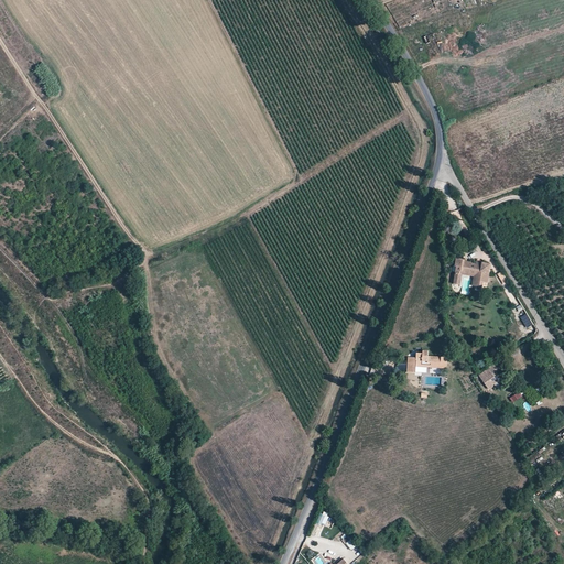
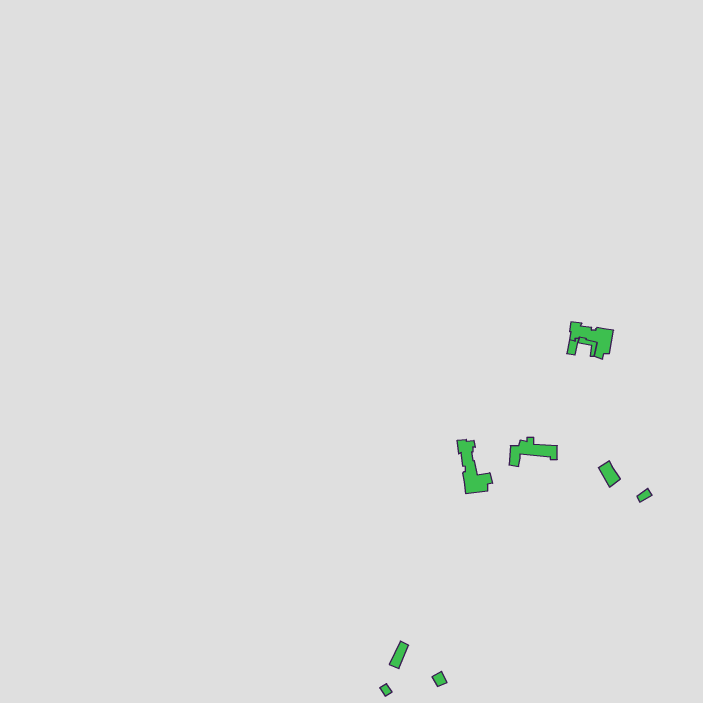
building: none -> [457,439,493,494]

